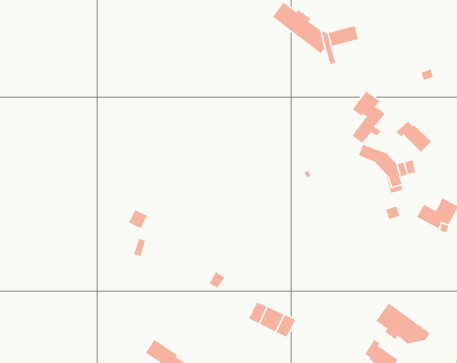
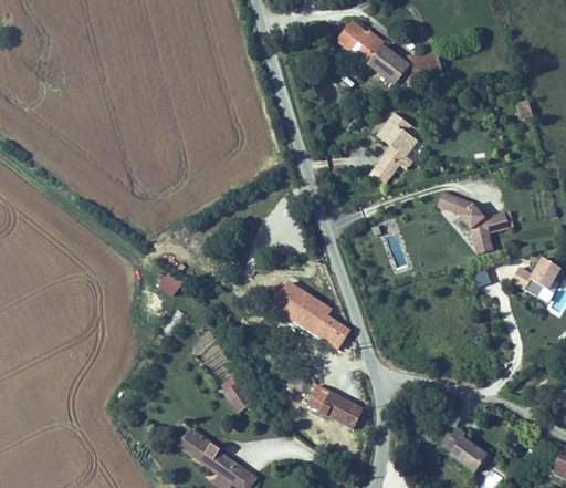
building: [352,90,386,144] -> [376,110,418,175]
building: [396,121,432,152] -> none
building: none -> [271,280,350,347]
building: none -> [224,382,253,412]
building: [375,303,431,344] -> none

